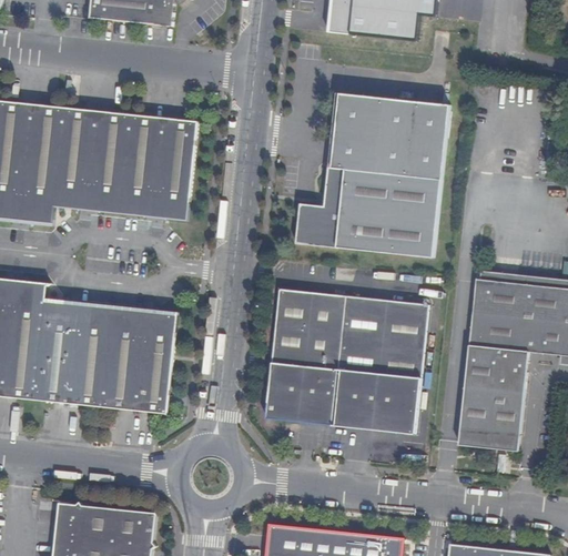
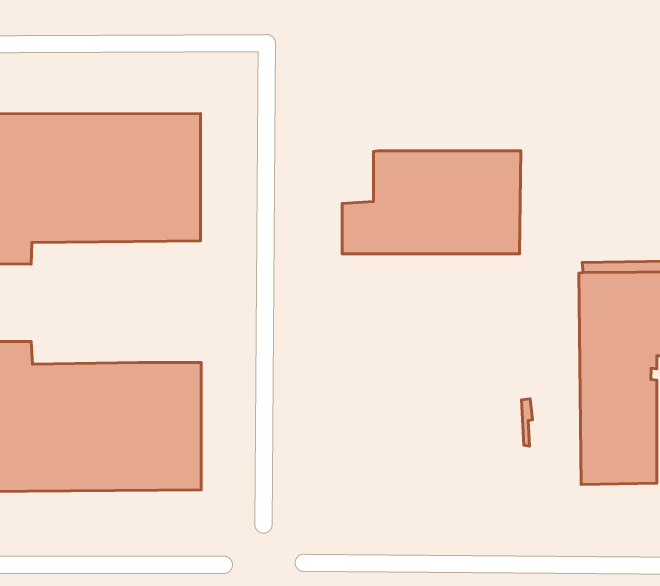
building: [331,93,449,178] -> none
building: [266,289,423,429] -> none

